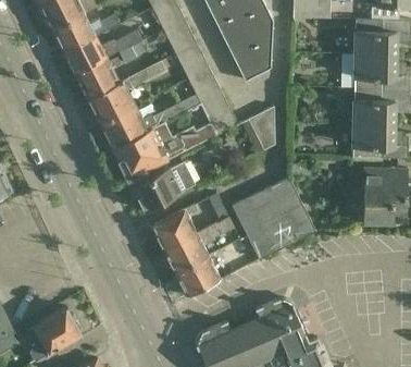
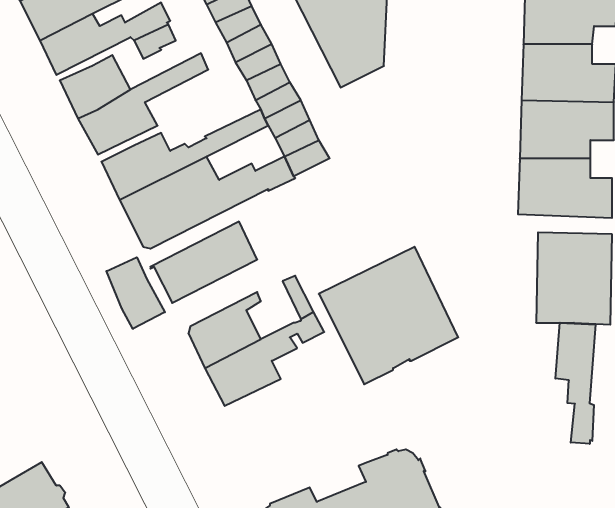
building: [241,106,275,149] -> none
building: none -> [106,257,165,329]
building: none -> [555,323,595,444]
building: [175,256,221,296] -> none

